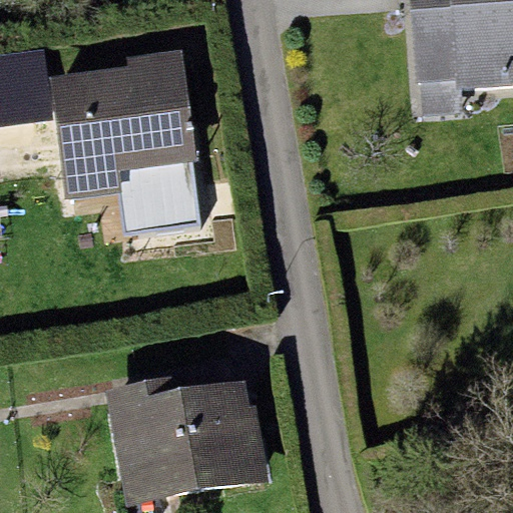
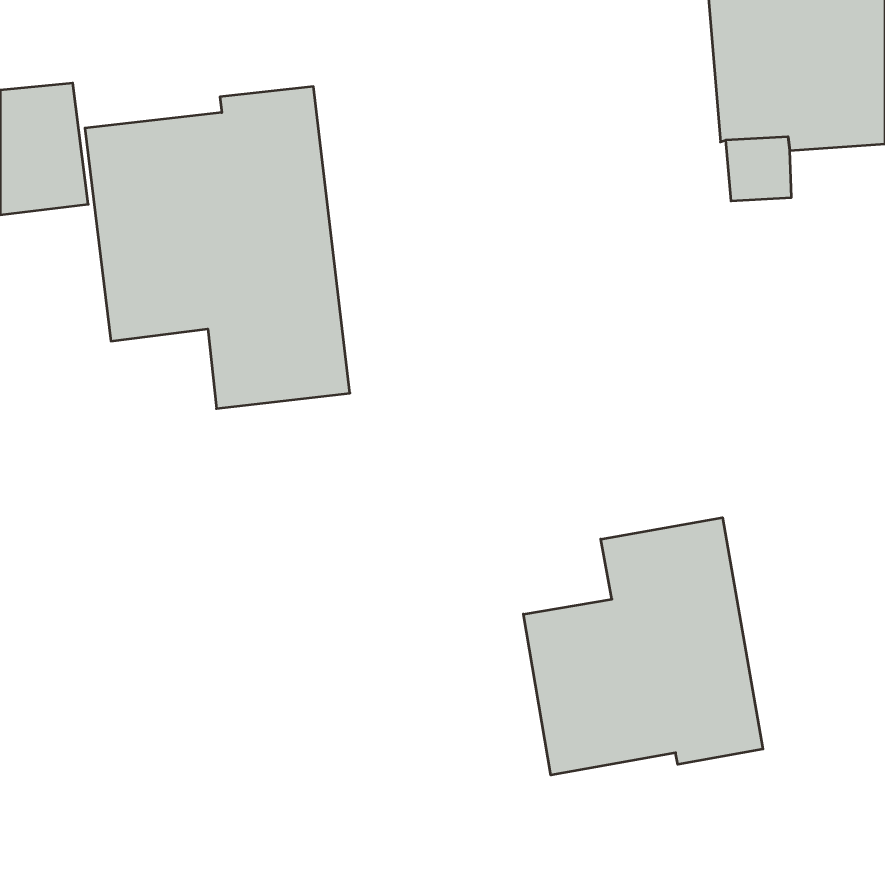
building: none -> [523,518,763,775]
building: [104,374,269,507] -> none

